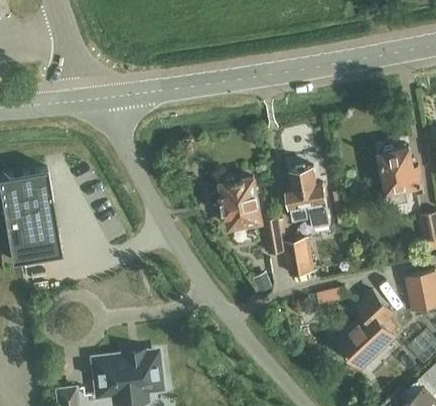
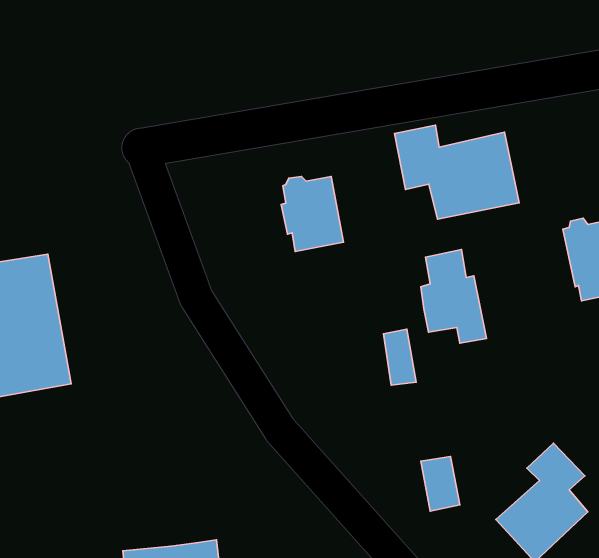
building: none -> [395,125,519,219]
building: [221,179,261,228] -> [281,177,344,251]
building: [285,239,310,274] -> [421,457,460,511]

